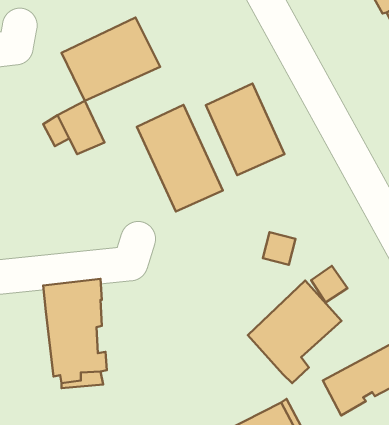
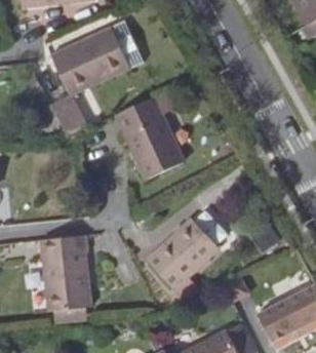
building: [206,84,285,175] -> none
building: [248,280,341,383] -> [146,217,220,298]

